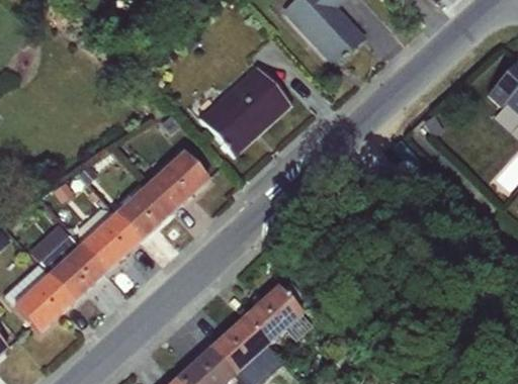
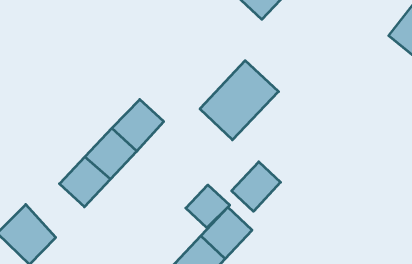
building: [200,64,294,156] -> [200,61,279,140]
building: [31,220,109,304] -> none
building: none -> [232,162,281,211]
building: none -> [186,185,230,228]

